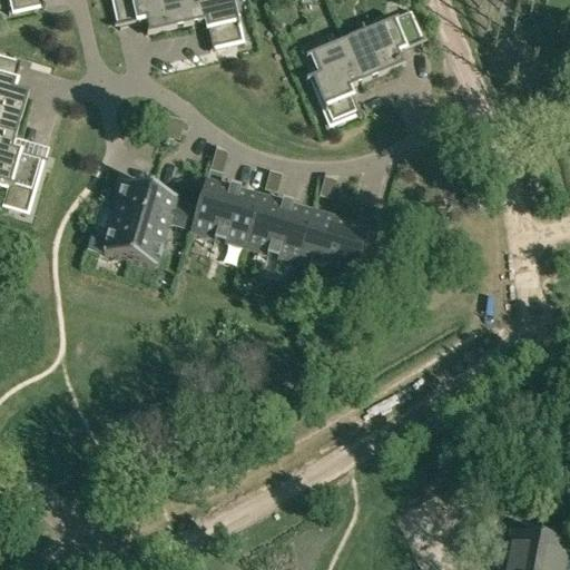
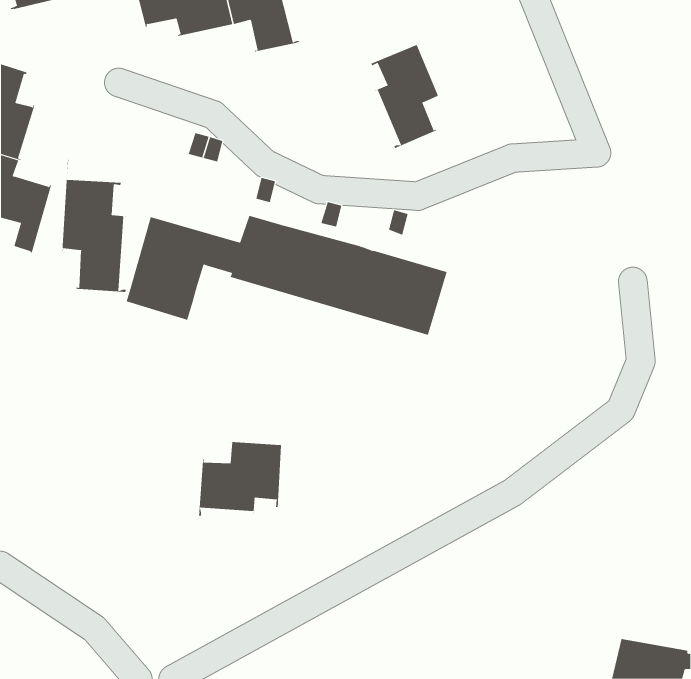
building: [338,4,422,80] -> none
building: none -> [62,159,127,293]
building: none -> [199,441,296,517]

